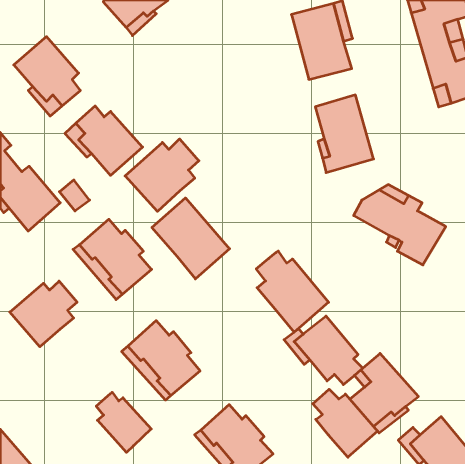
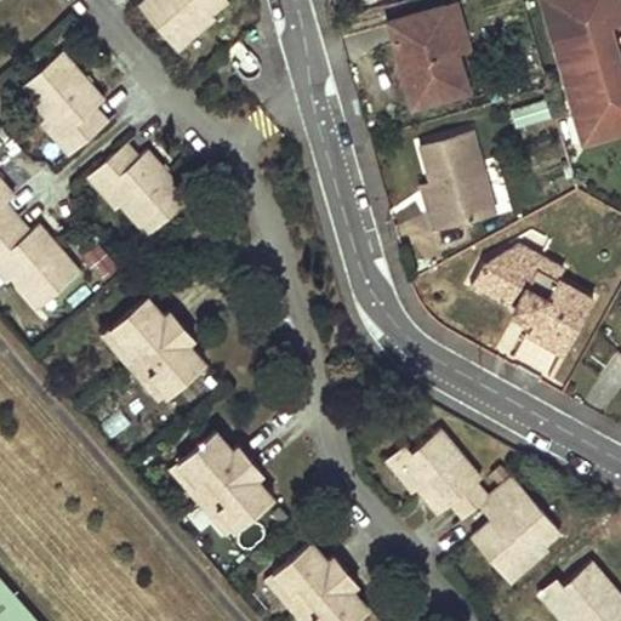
building: [125,139,199,211] -> none
building: [152,198,230,279] -> none
building: [256,251,329,332] -> none
building: [10,281,77,347] -> none
building: [313,389,378,457] -> none
building: [96,392,151,452] -> none

